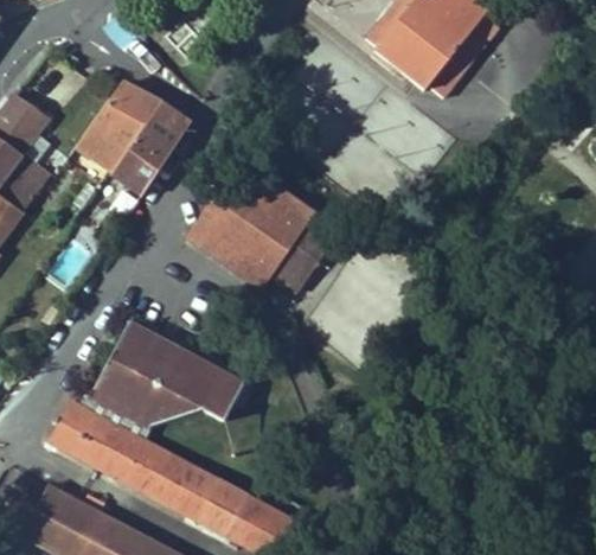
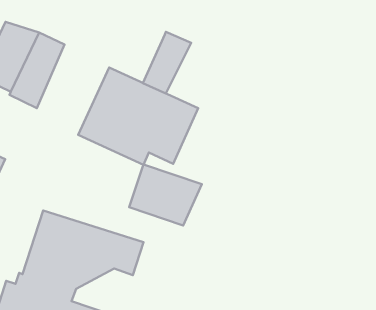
building: none -> [143,32,191,93]
building: none -> [129,165,202,225]

